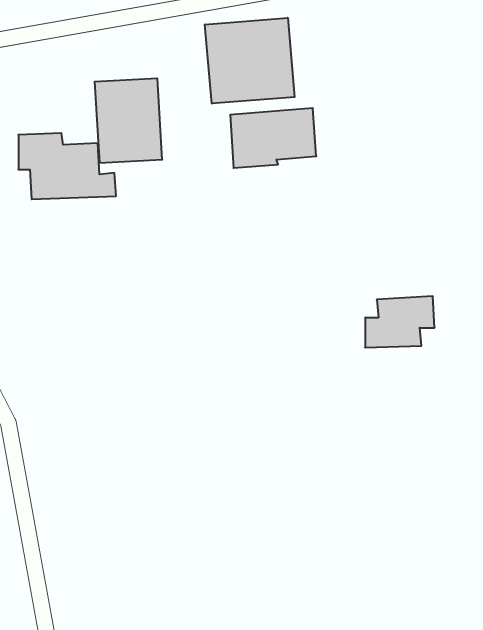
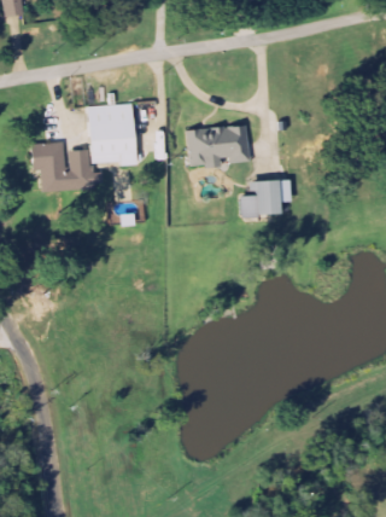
building: [205,18,295,104] -> none
building: [365,296,435,348] -> [240,179,291,216]

